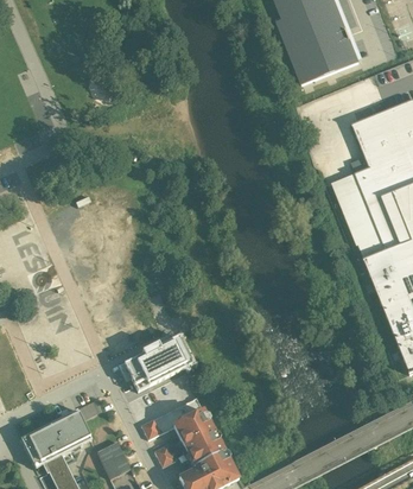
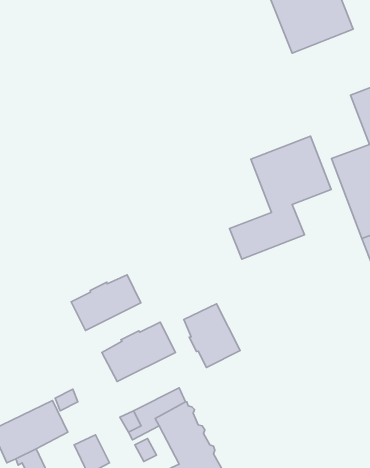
building: none -> [230,136,331,259]
building: none -> [71,275,141,330]
building: none -> [184,304,240,367]

